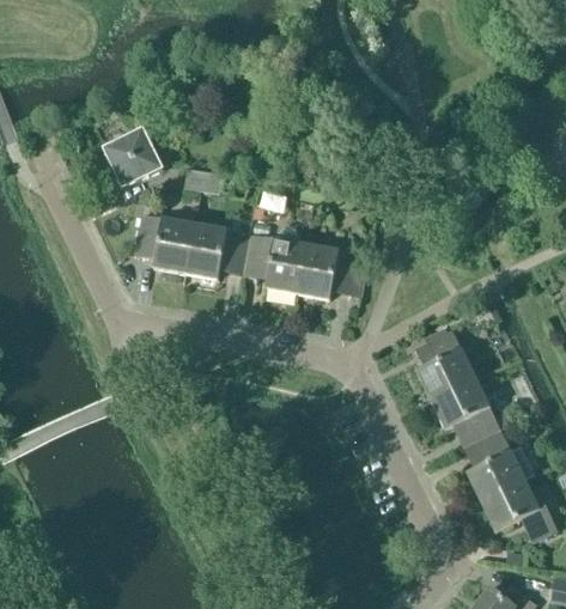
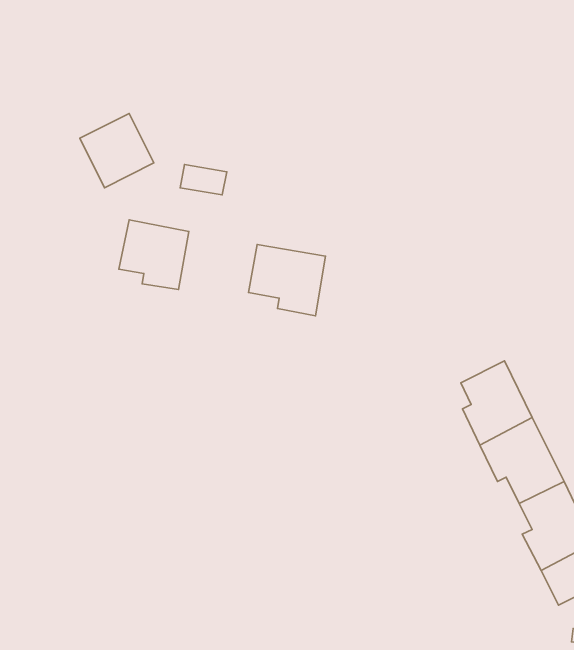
building: [184,224,249,279] -> none
building: [297,244,359,299] -> none

